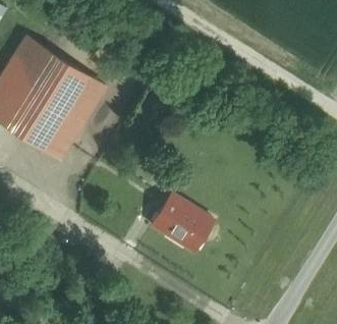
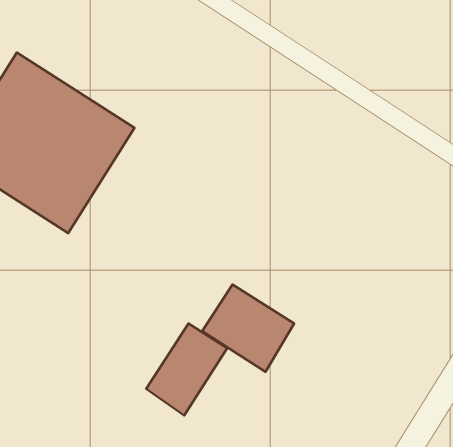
building: none -> [146,324,227,416]

